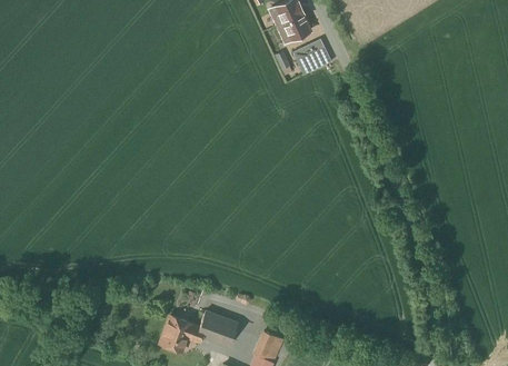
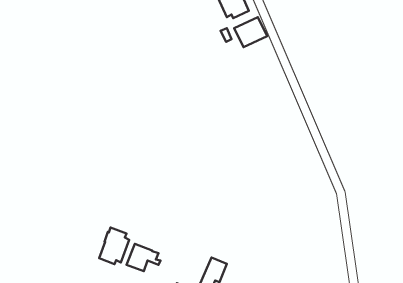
building: none -> [99,227,129,264]
building: [197,311,238,347] -> none

